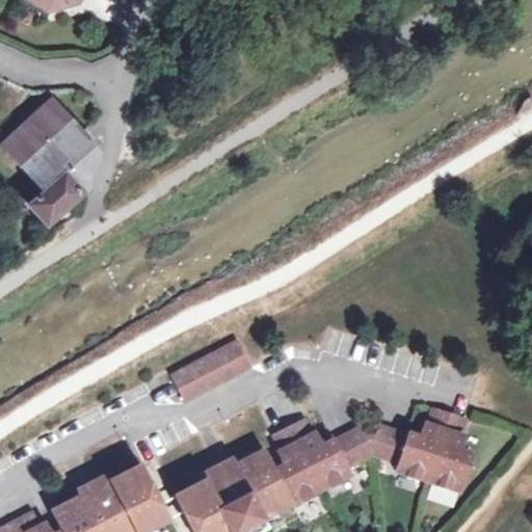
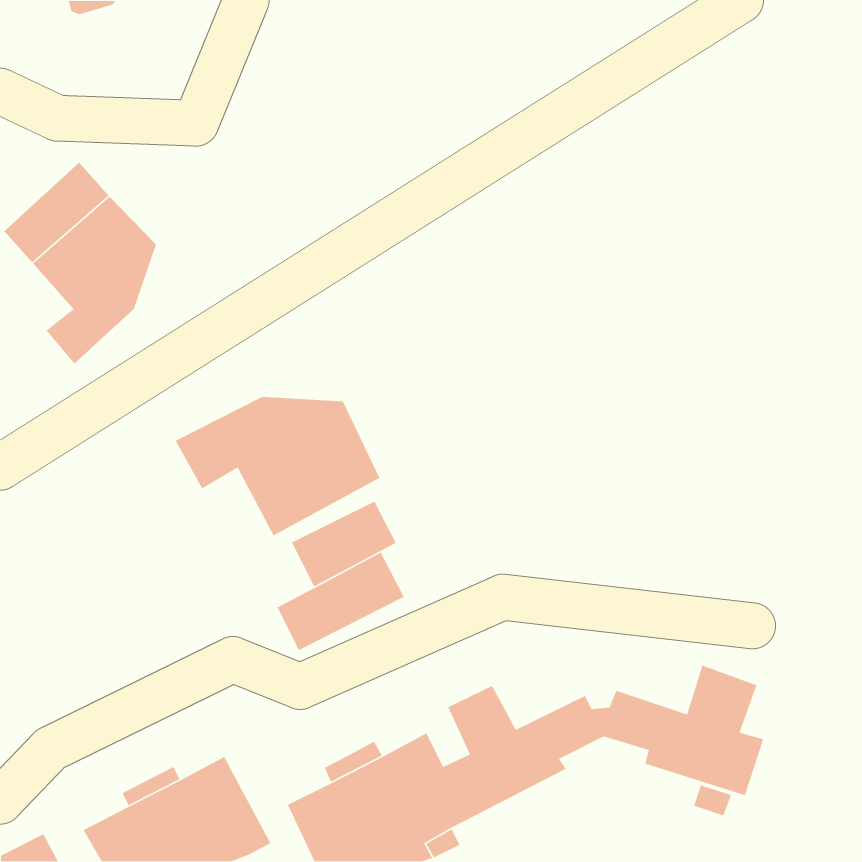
building: none -> [175,396,381,537]
building: none -> [291,500,397,588]

